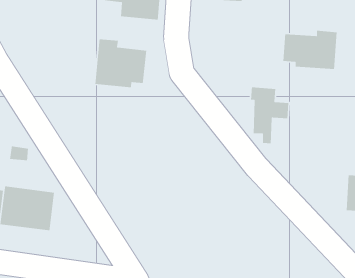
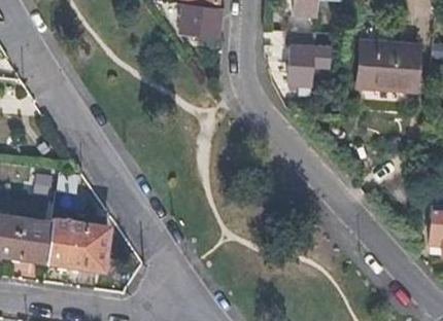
building: [94,39,147,88] -> none
building: [250,87,289,144] -> [286,31,330,95]

